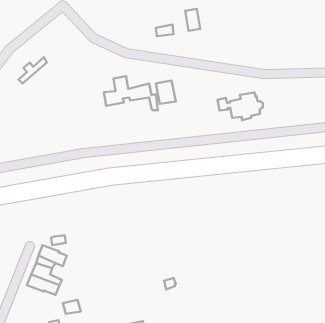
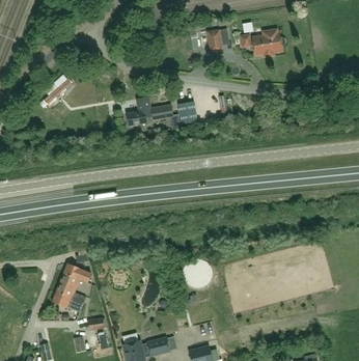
building: [218,93,263,120] -> [241,29,285,56]

